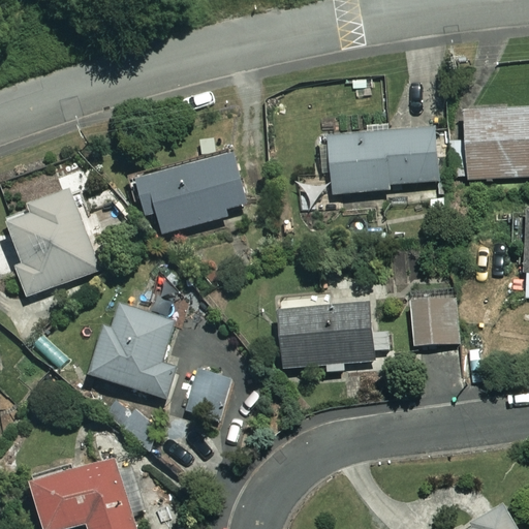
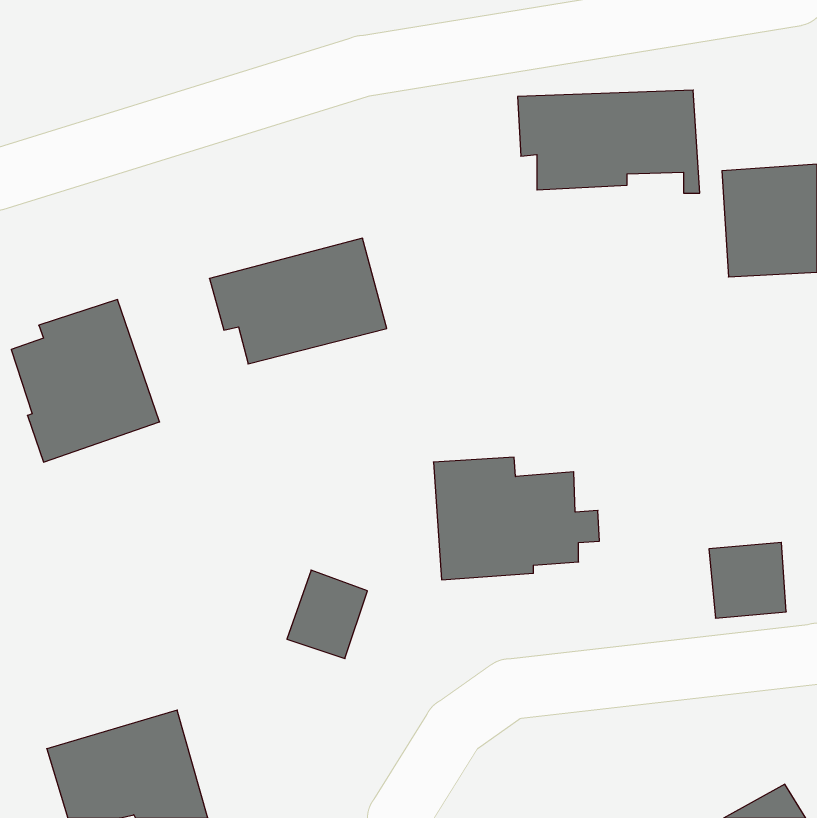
building: [318,129,435,195] -> [518,90,700,193]
building: [408,297,458,345] -> [709,542,786,618]
building: [88,299,176,394] -> none

